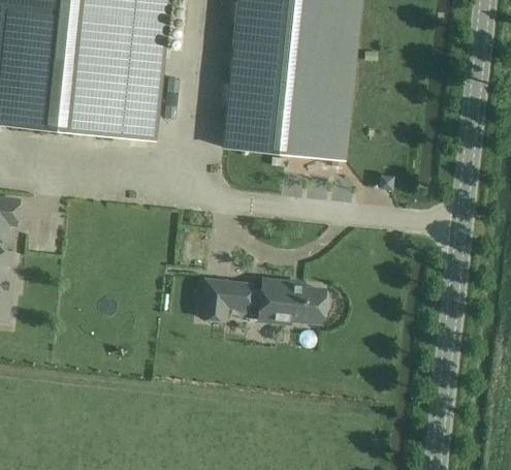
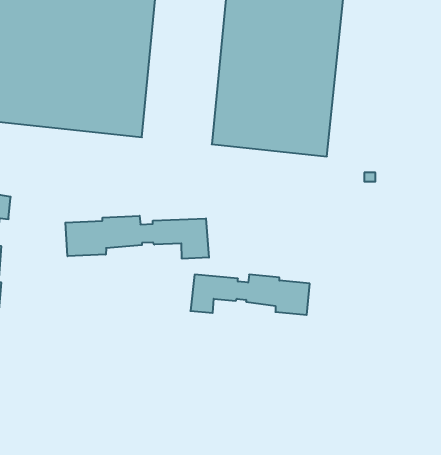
building: none -> [65,216,209,259]

